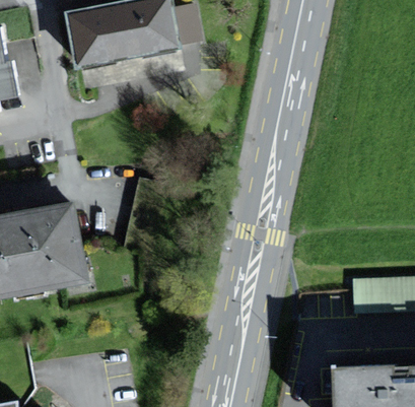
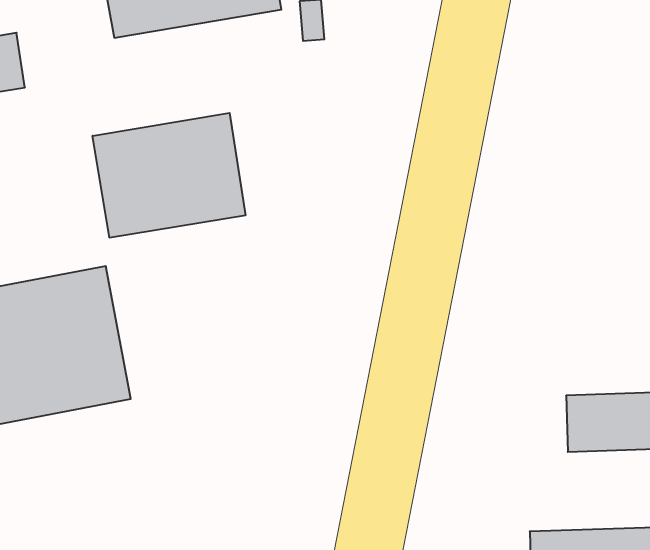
building: none -> [93,113,245,238]

